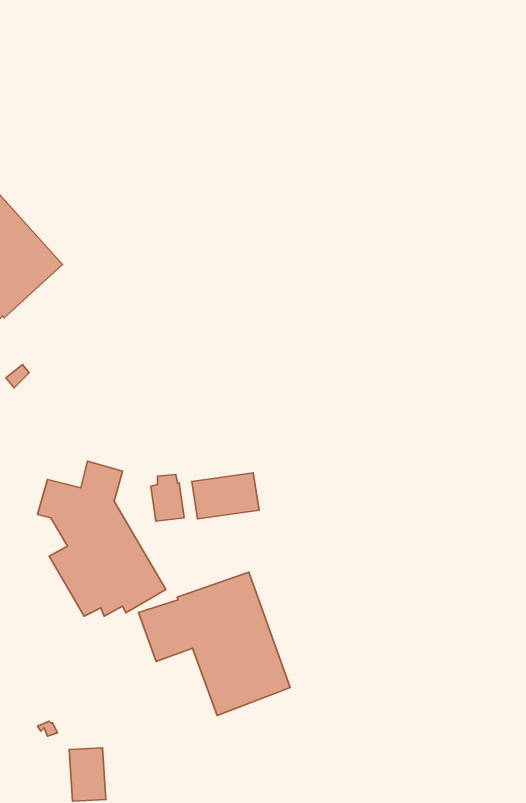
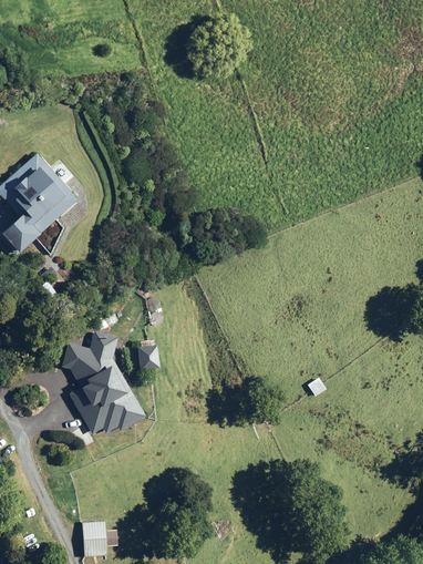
building: [192,473,259,519] -> none
building: [138,572,290,716] -> none

